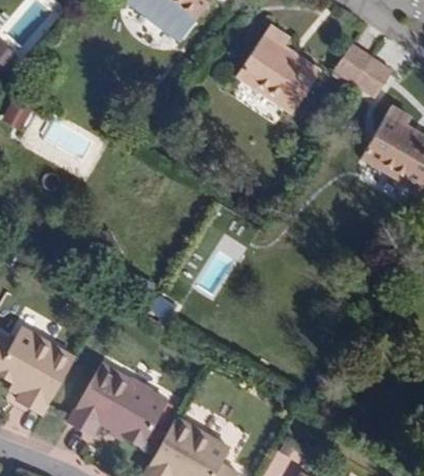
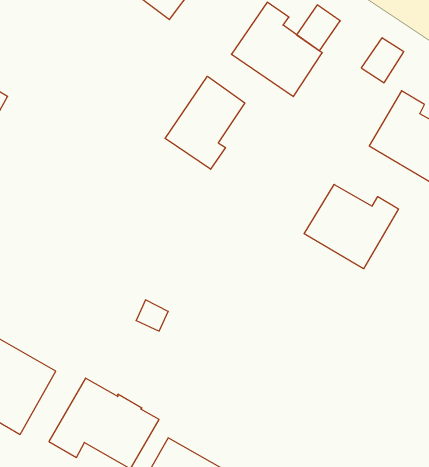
building: [333,43,372,84] -> [297,5,340,51]
building: none -> [165,76,245,169]
building: none -> [304,184,399,269]

